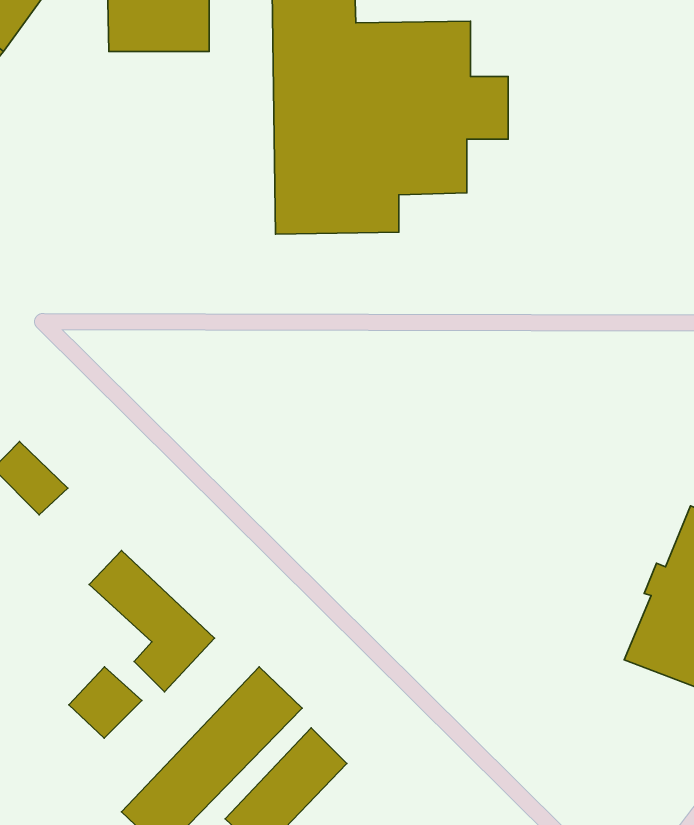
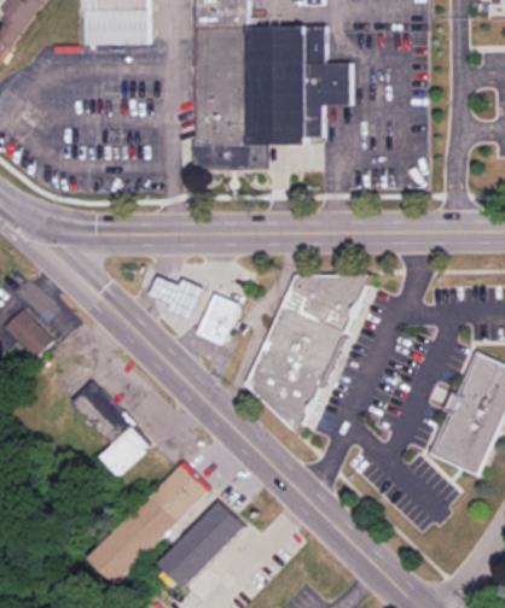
building: none -> [243,274,367,423]
building: none -> [146,275,204,321]
building: none -> [195,292,240,345]
building: [69,667,142,738] -> none

